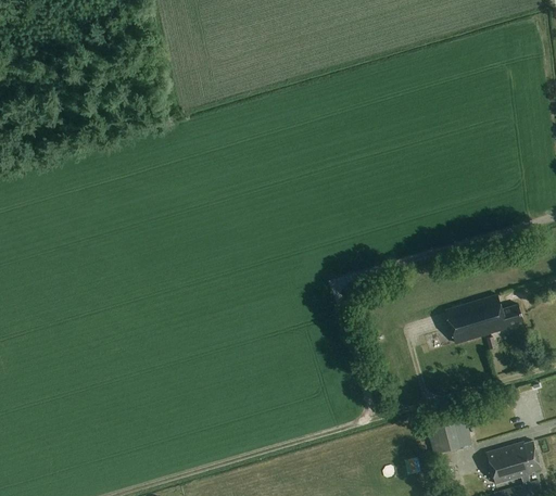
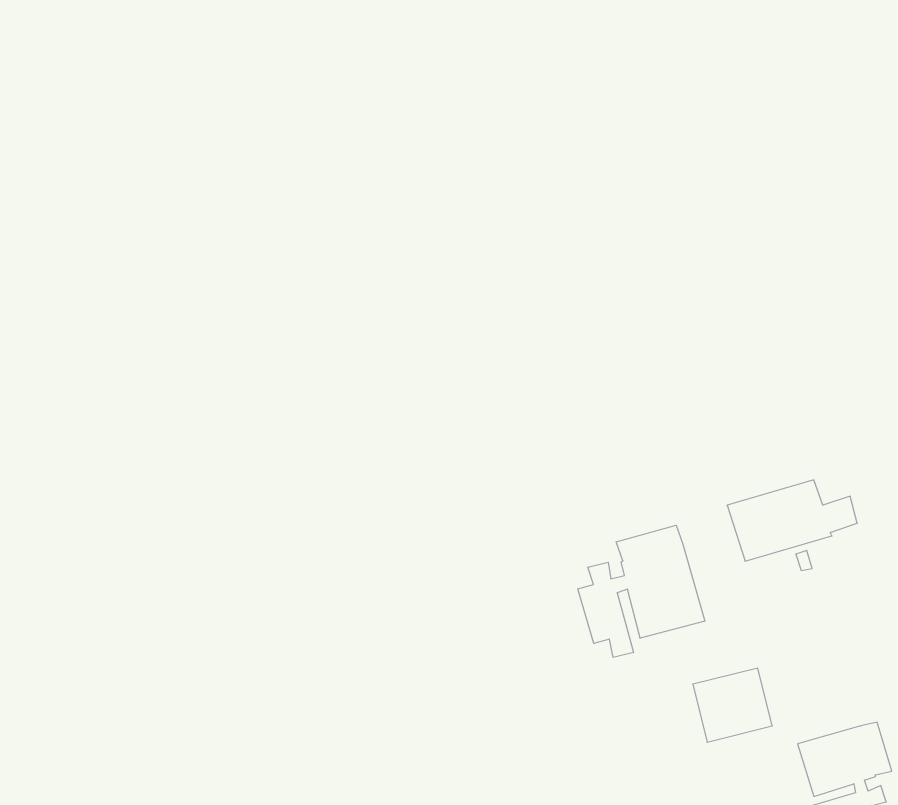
building: none -> [578,525,705,657]

